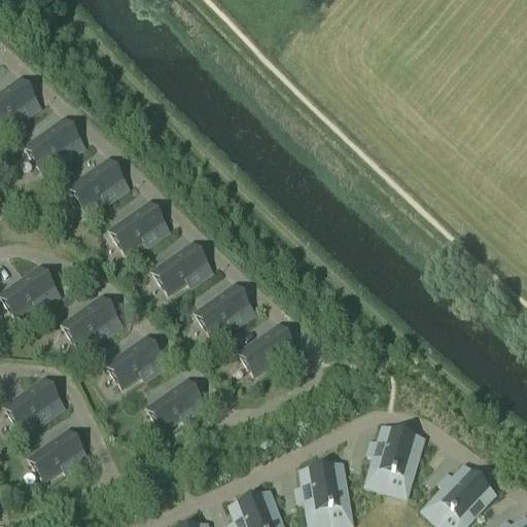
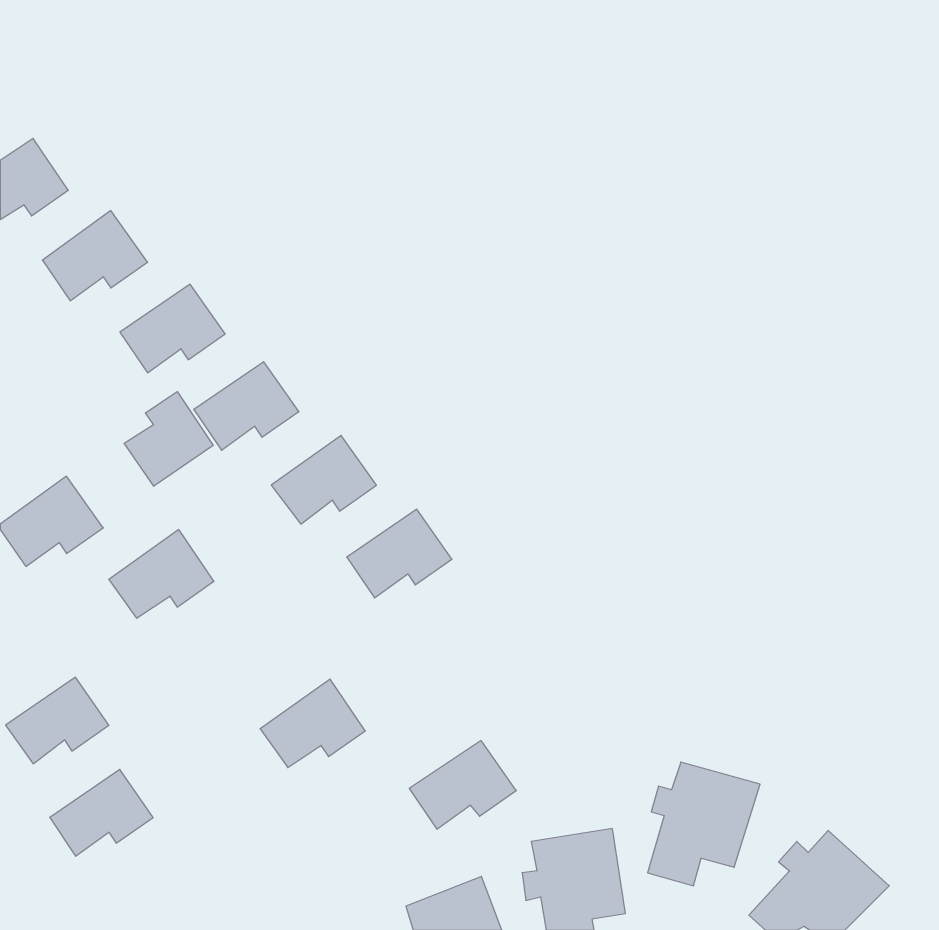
building: none -> [124,392,213,486]
building: [239,324,298,374] -> [409,741,516,829]
building: [107,336,166,386] -> none

